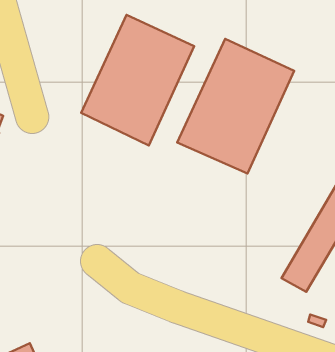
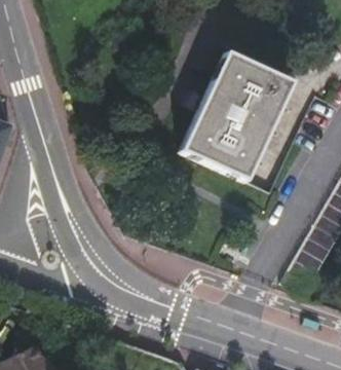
building: [81,15,194,145] -> none

